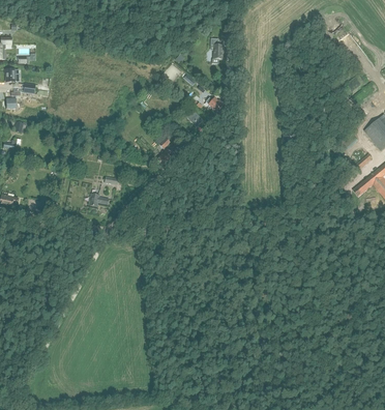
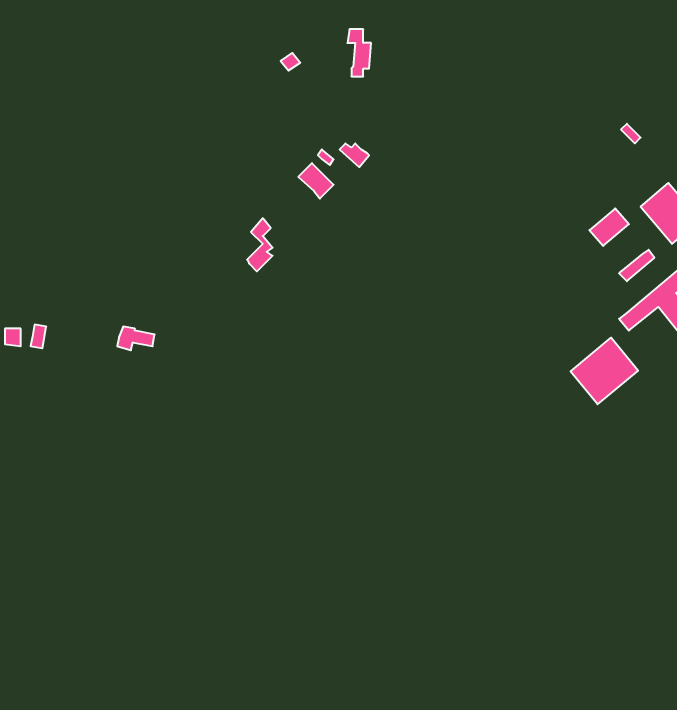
building: none -> [571,338,638,404]

